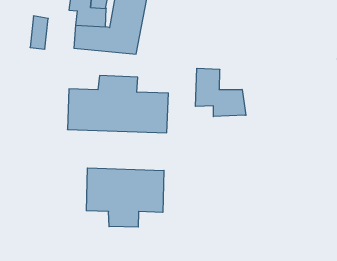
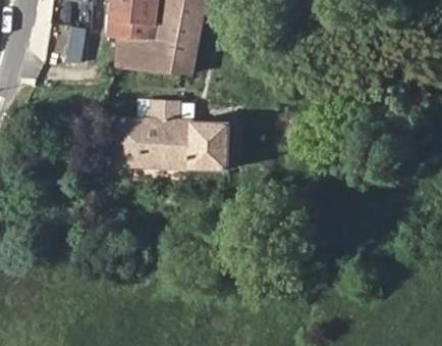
building: [196,68,246,117] -> none
building: [86,168,164,227] -> none

